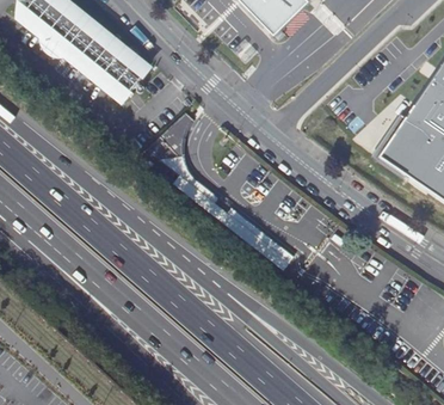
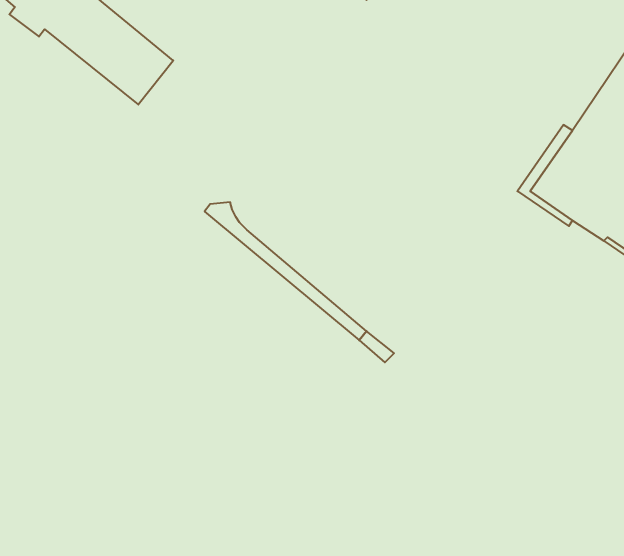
building: [147,113,195,160] -> none

